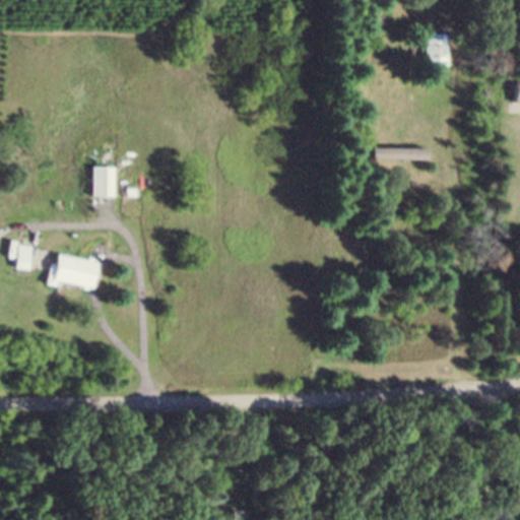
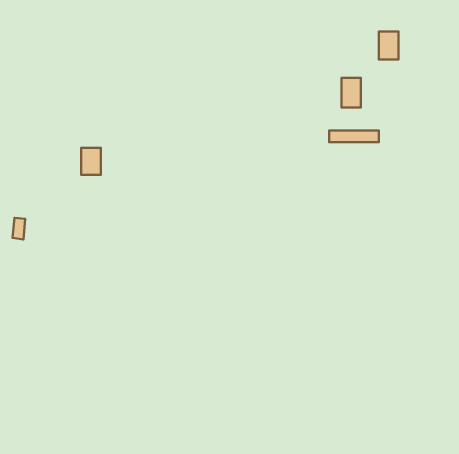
building: none -> [342,78,361,108]
building: [50,255,96,289] -> none

